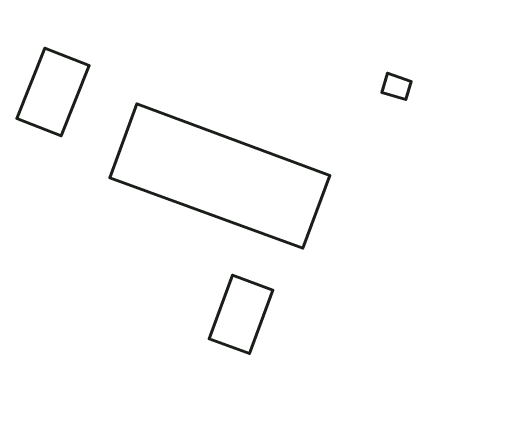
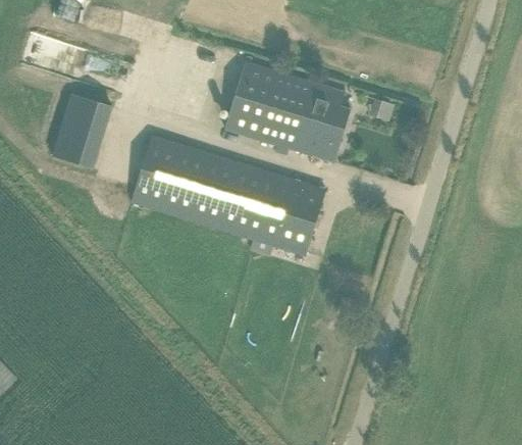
building: none -> [227,62,352,163]
building: [209,275,273,354] -> none

